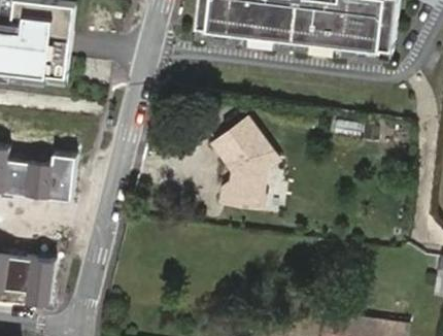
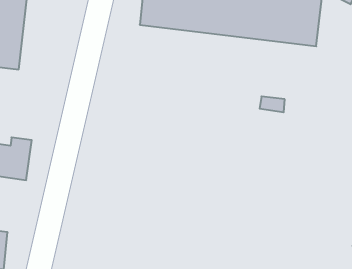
building: [213,111,279,203] -> none

